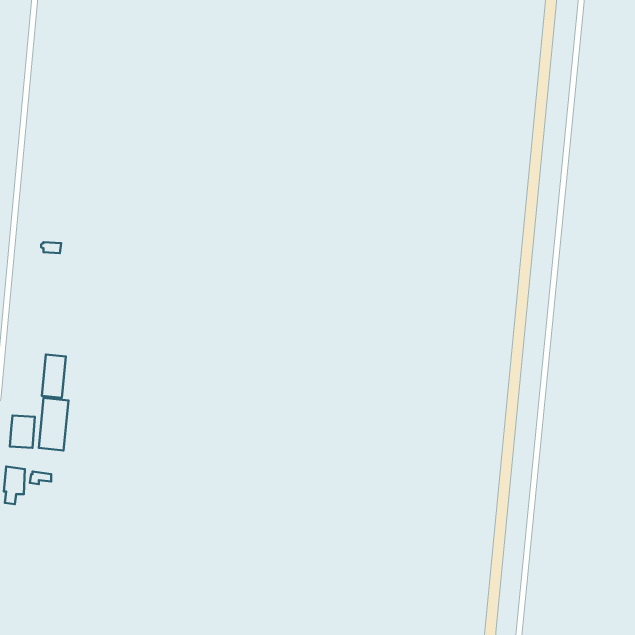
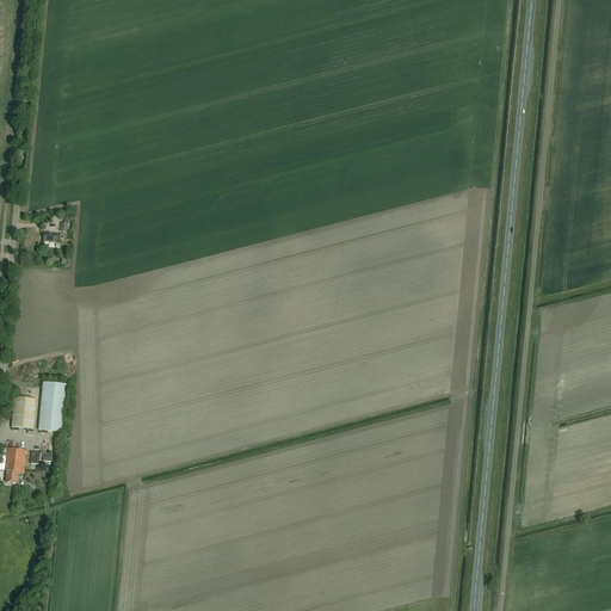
building: [42,355,66,398] -> none

